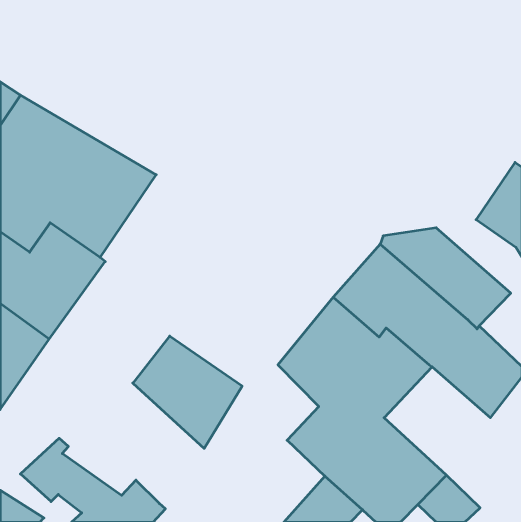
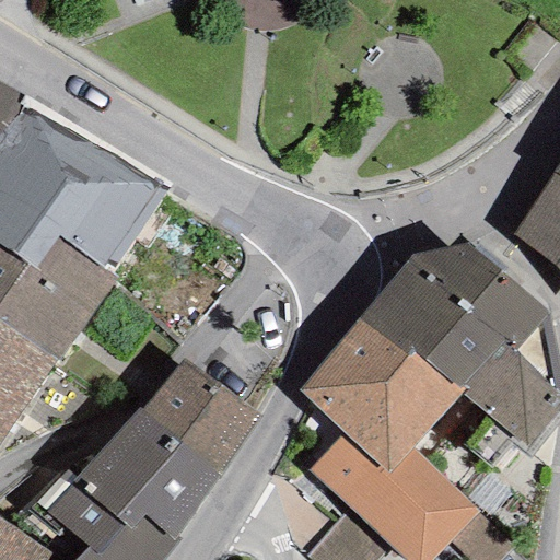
building: none -> [68,406,220,539]

